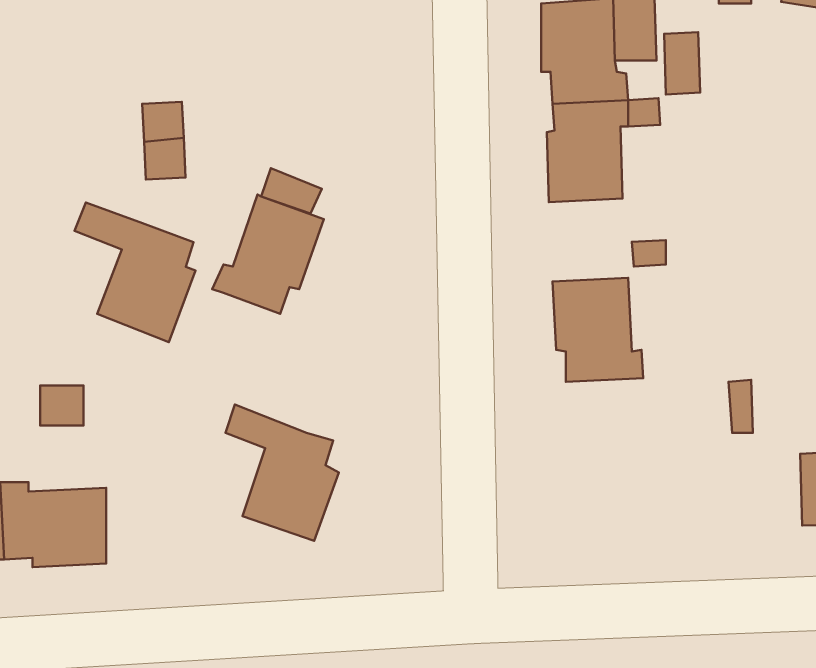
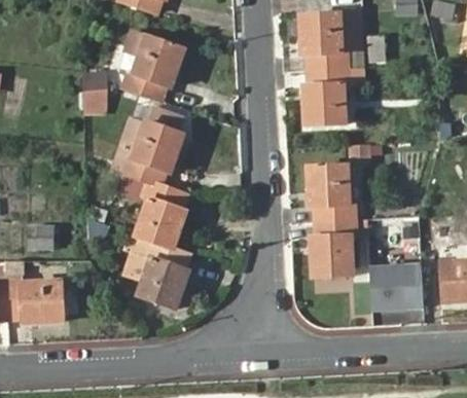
building: none -> [121,34,185,102]
building: [74,202,195,342] -> [121,175,187,251]
building: none -> [311,221,357,278]
building: none -> [369,265,422,310]

